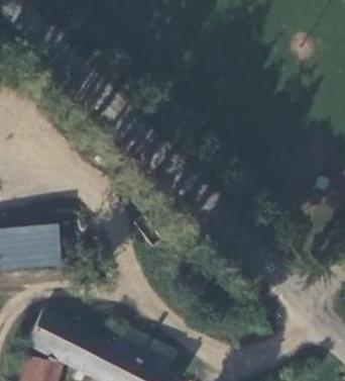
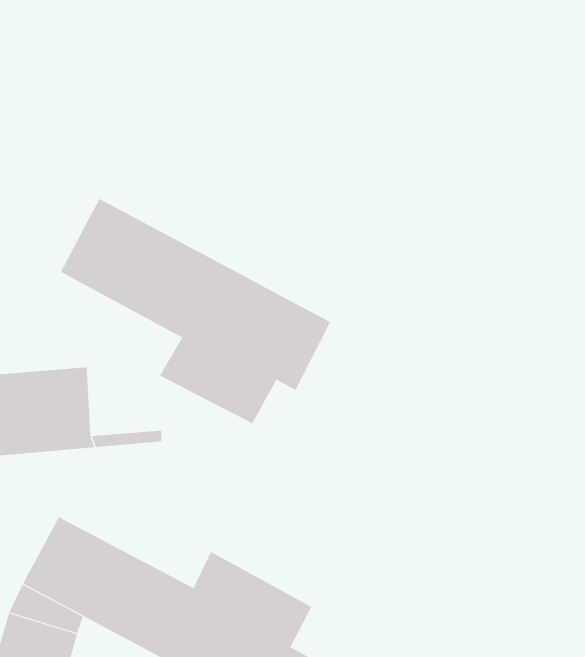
building: none -> [60,198,331,424]

